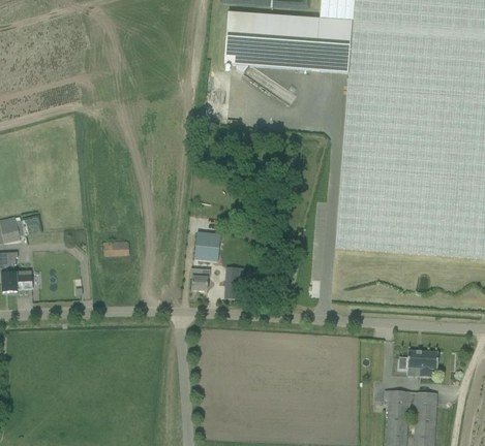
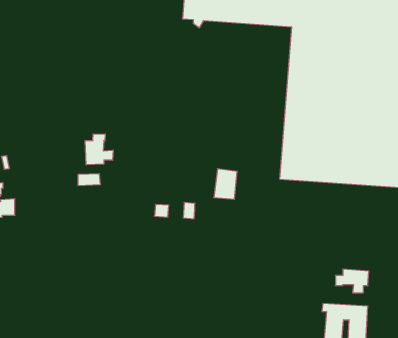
building: none -> [85,134,113,165]
building: [194,230,221,265] -> [214,169,237,199]

